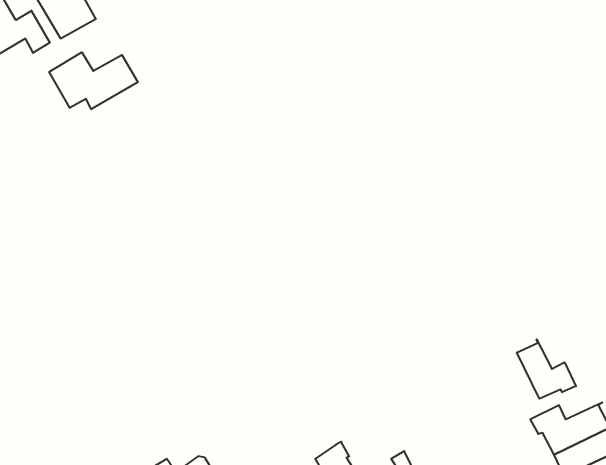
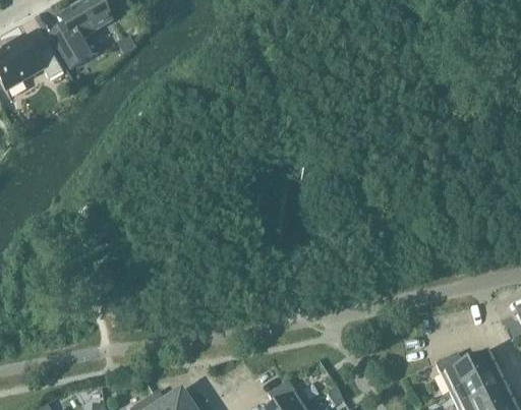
building: [49,52,138,109] -> none
building: [517,339,576,399] -> none

